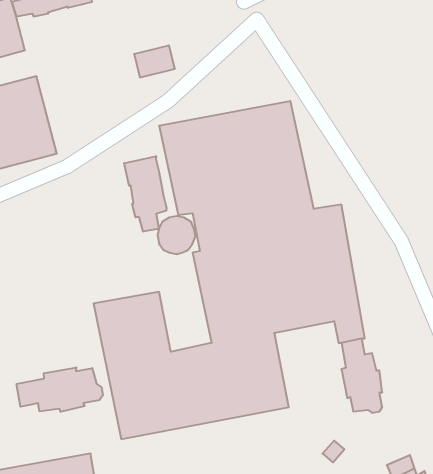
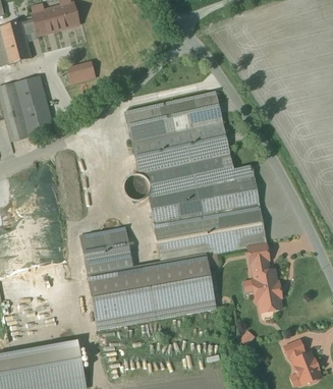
building: [134,45,175,77] -> [67,60,96,82]
building: [124,156,166,232] -> none
building: [17,367,103,412] -> none

